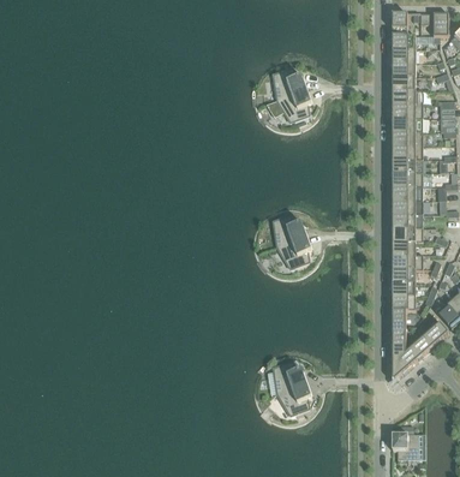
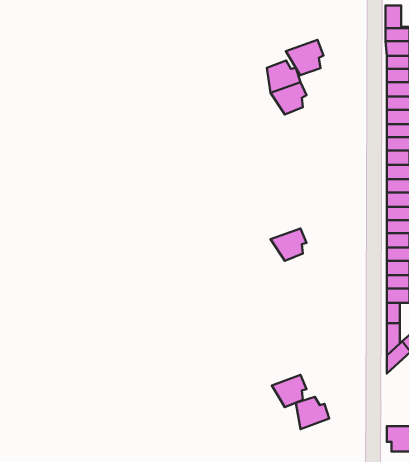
building: none -> [286,40,323,75]
building: [273,214,306,246] -> none
building: [273,360,306,393] -> [296,397,329,429]

